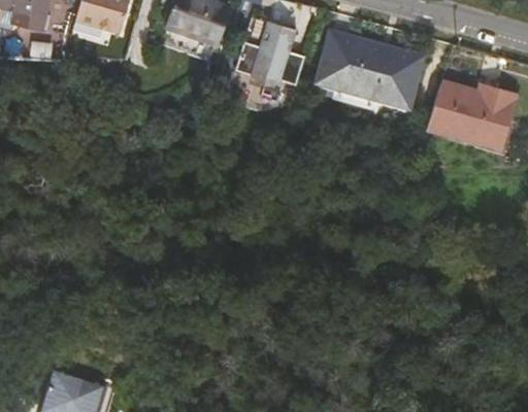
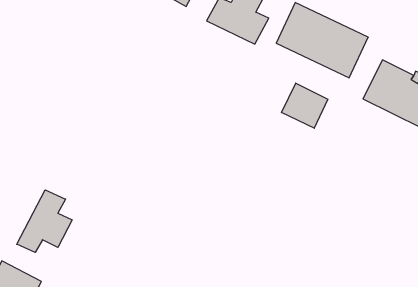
building: none -> [282,83,328,128]
building: none -> [17,190,72,252]

